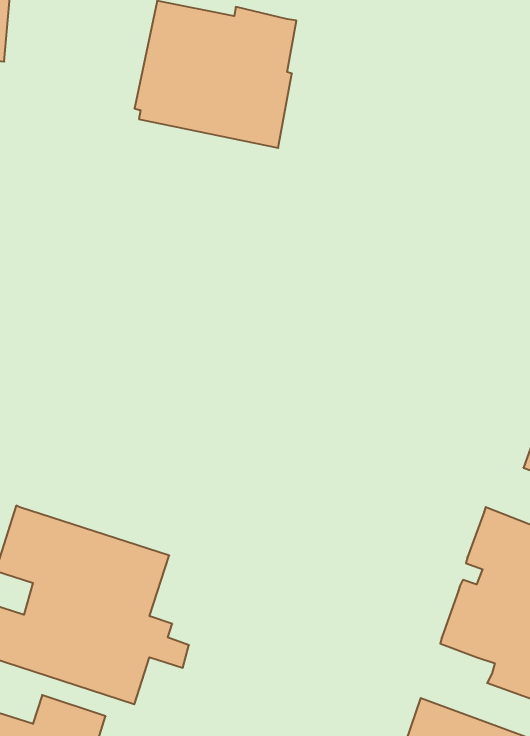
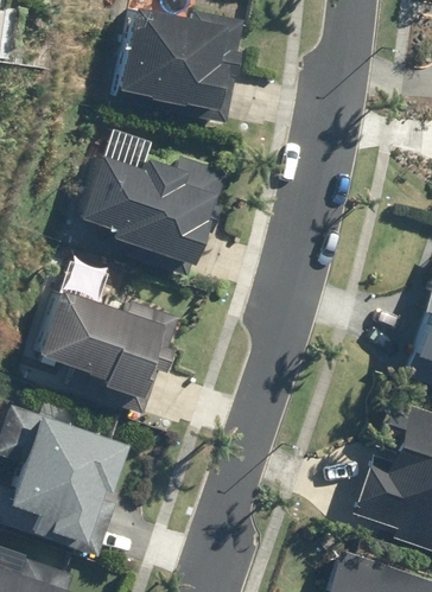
building: none -> [72,155,221,273]
building: none -> [26,288,172,412]

